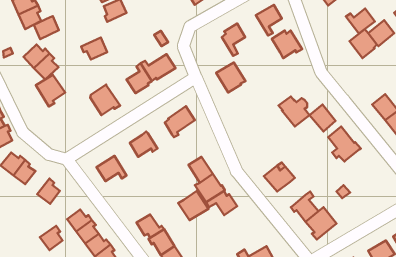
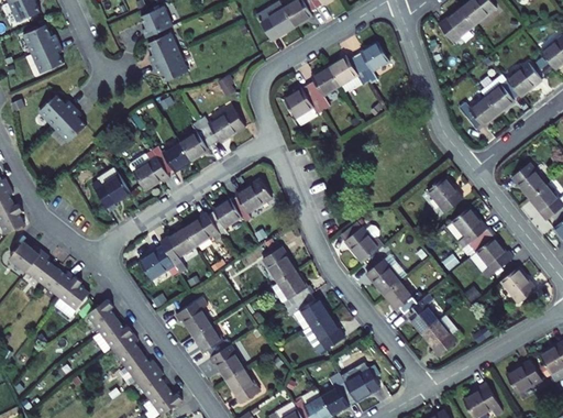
building: [346,8,375,34] -> [459,96,498,130]
building: [34,16,59,39] -> none
building: [272,31,302,58] -> [329,55,369,92]
building: [81,37,107,59] -> [153,52,188,81]
building: [216,62,245,92] -> [284,85,323,125]
building: [36,75,65,106] -> [91,168,131,211]
building: none -> [152,142,191,173]
building: [279,97,310,127] -> [340,221,382,262]
building: none -> [208,198,241,235]
building: none -> [161,228,195,273]
building: none -> [470,237,514,278]
building: none -> [42,266,75,297]
building: none -> [500,266,536,304]
building: none -> [383,280,421,312]
building: [178,191,208,220] -> [303,314,344,353]
building: none -> [175,297,211,336]
building: [40,226,63,250] -> [86,298,117,331]

